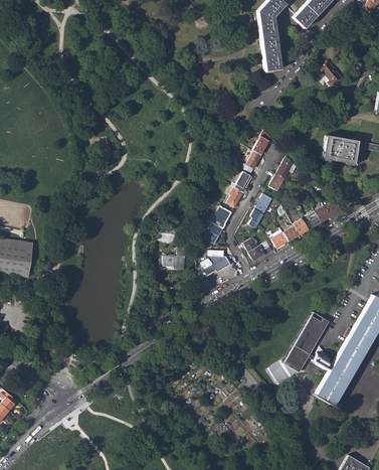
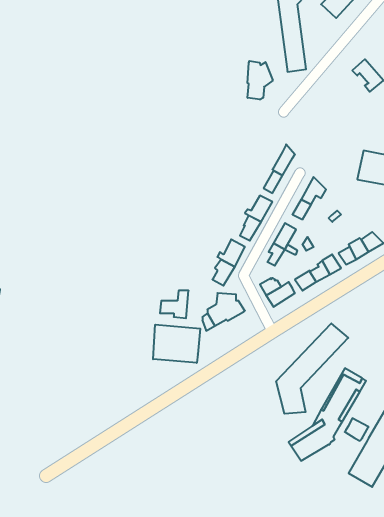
building: none -> [247,61,273,100]
building: none -> [276,323,348,414]
building: none -> [153,325,200,363]

